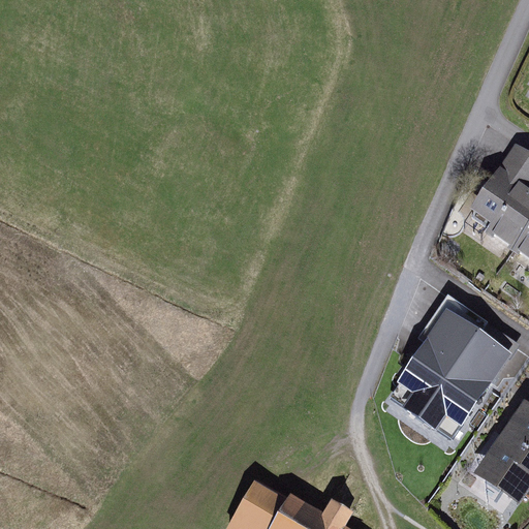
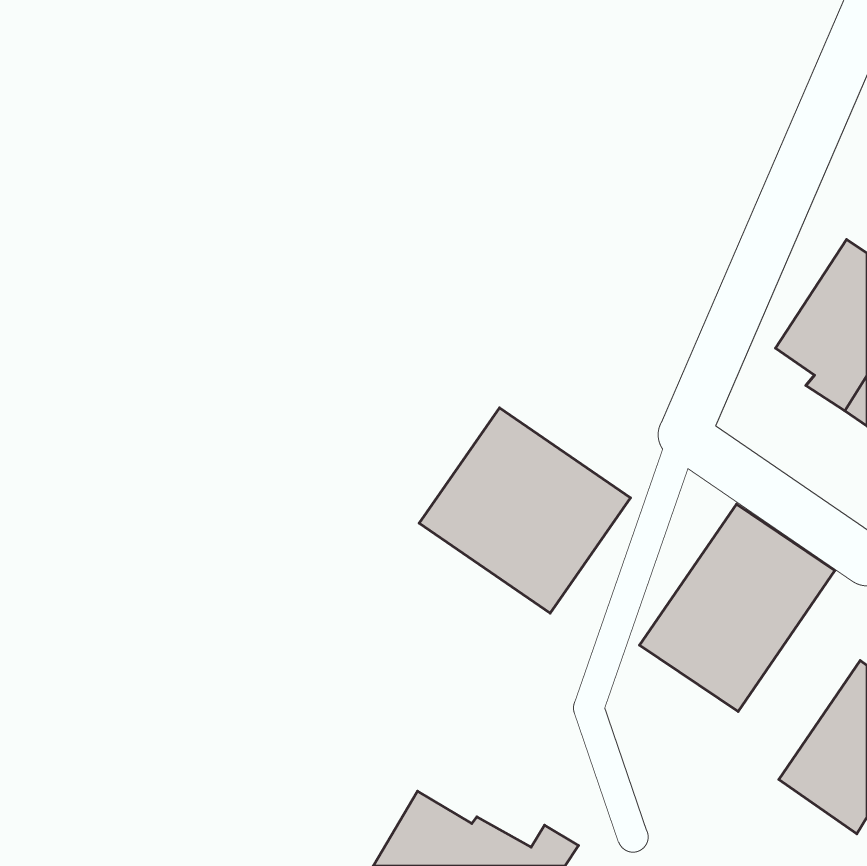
building: none -> [419,408,630,613]

